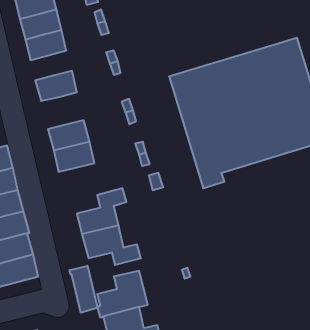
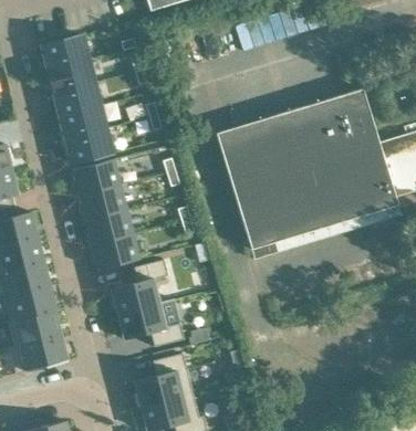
building: none -> [59,103,106,137]
building: none -> [72,157,119,192]
building: none -> [91,231,138,267]
building: [70,266,98,313] -> none

